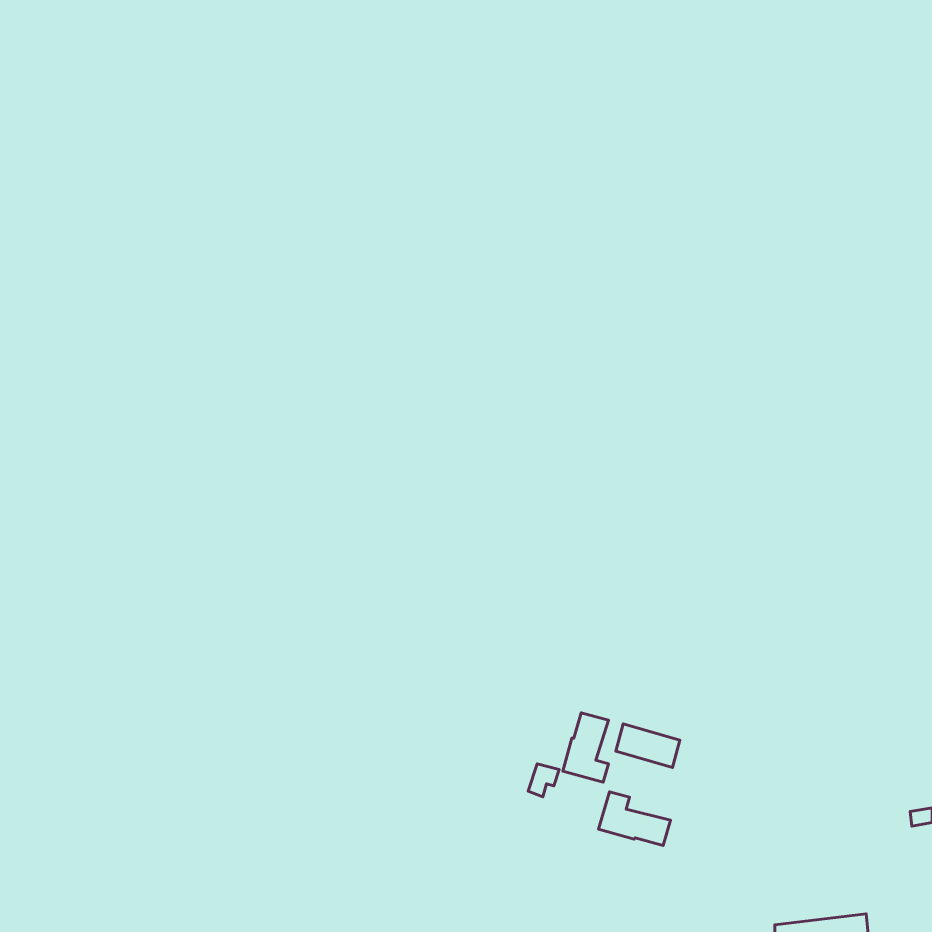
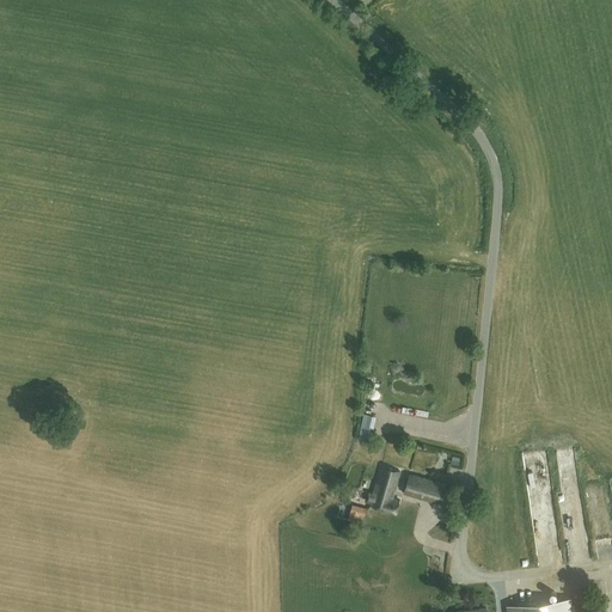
building: [599,792,671,846] -> none

